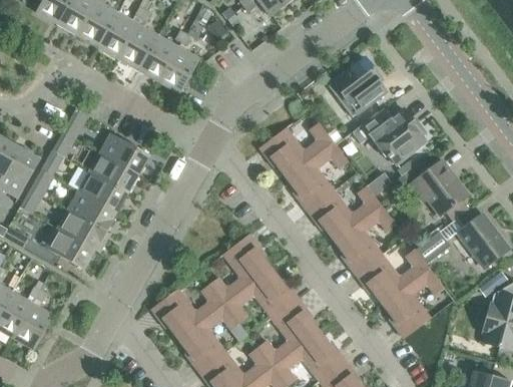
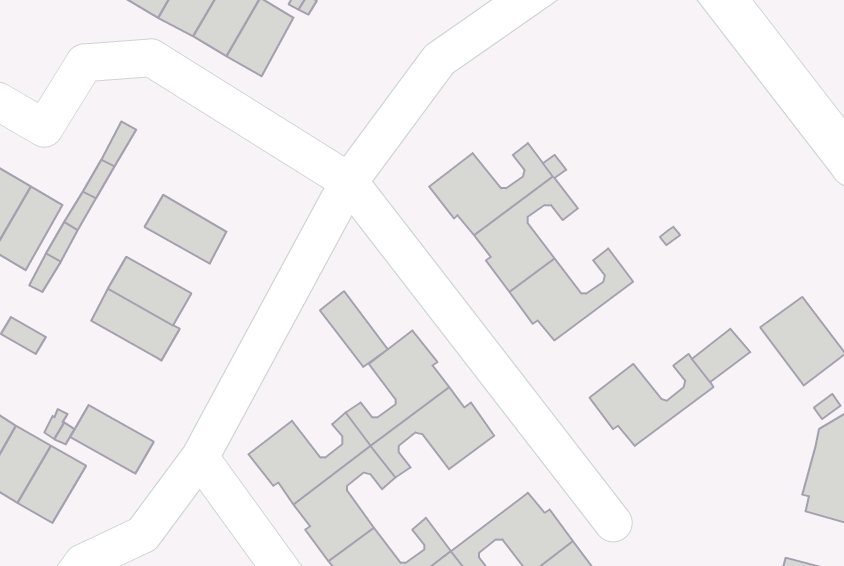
building: [159,46,200,93] -> none
building: [333,56,386,112] -> none
building: [352,107,425,164] -> none
building: [100,132,150,174] -> none
building: [410,159,468,220] -> none
building: [78,171,128,212] -> none
building: [335,205,397,274] -> none
building: none -> [320,291,388,367]
building: [46,228,96,269] -> [70,405,154,474]
building: [383,268,444,337] -> none
building: [258,297,319,366] -> none

